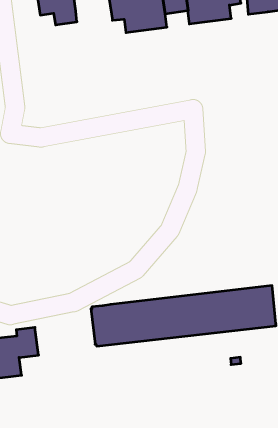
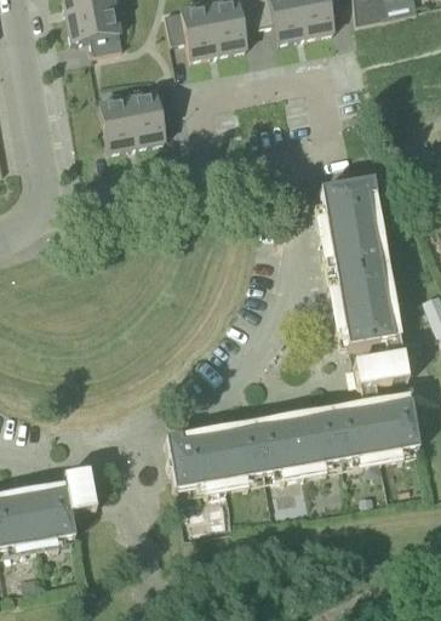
building: none -> [99,87,177,150]
building: none -> [320,180,394,346]
building: none -> [354,353,408,387]

